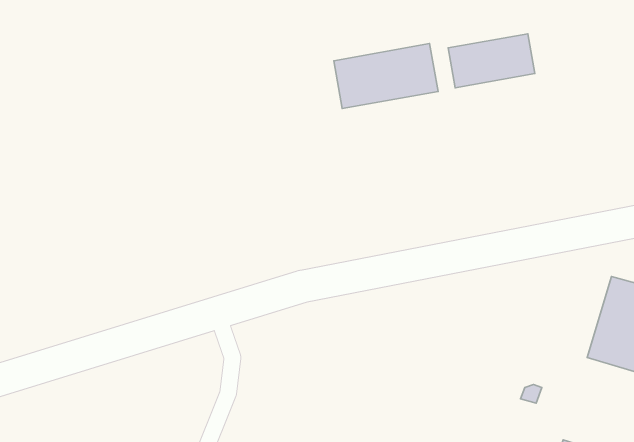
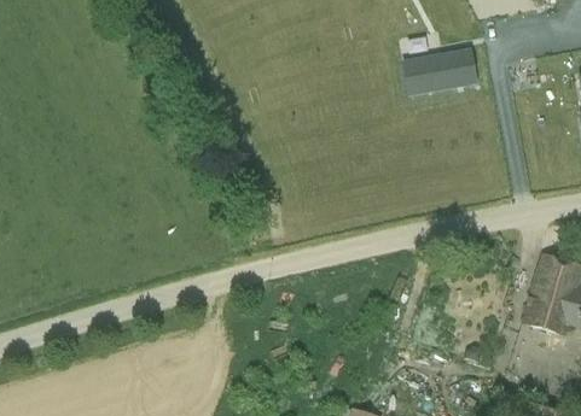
building: [334,44,438,108] -> none

